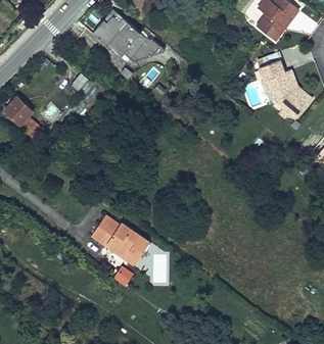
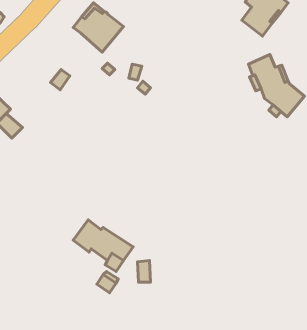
building: [125,32,166,59] -> none

